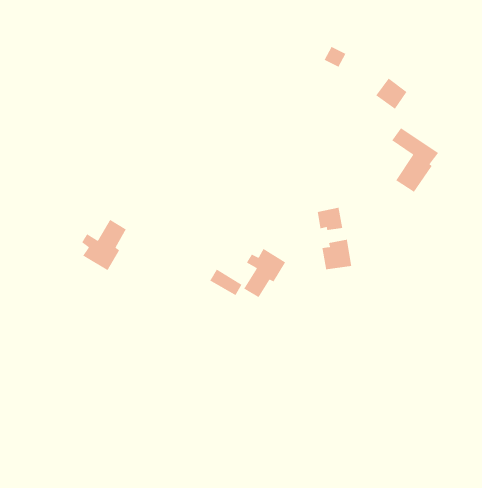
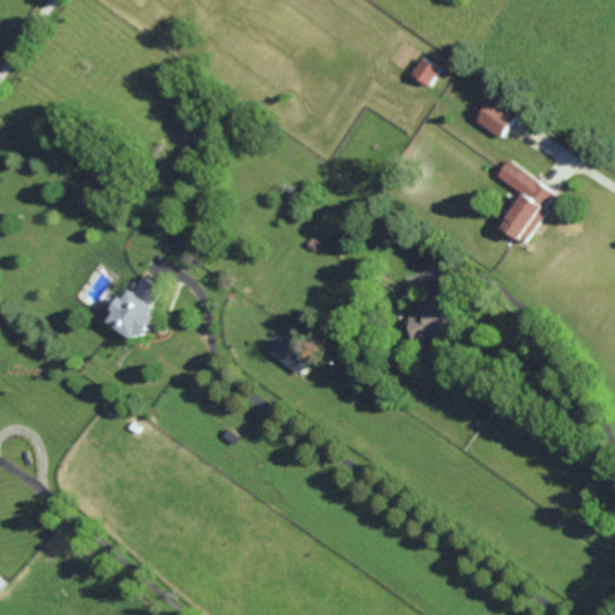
building: [317,207,343,231] -> none
building: [243,248,286,298] -> none

